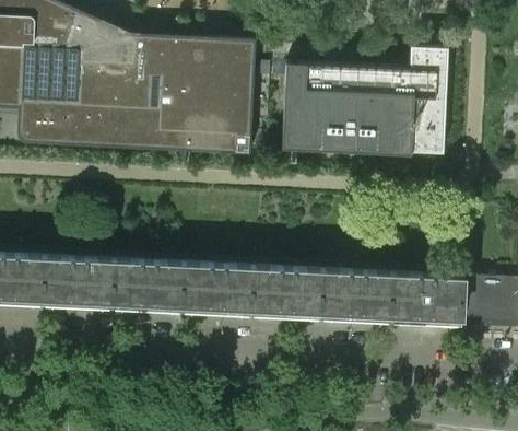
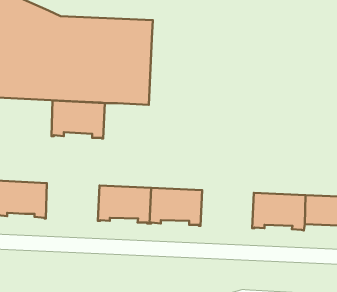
building: [281,48,446,155] -> none
building: [110,261,183,313] -> [52,101,105,139]
building: [319,271,391,323] -> none

